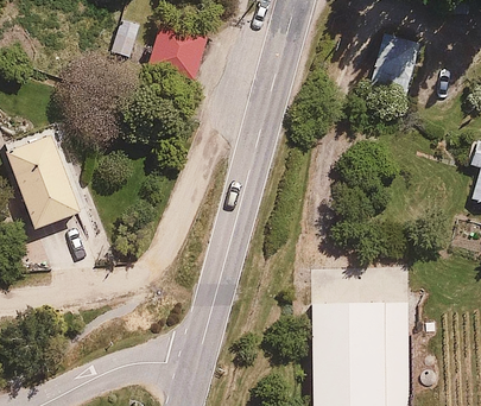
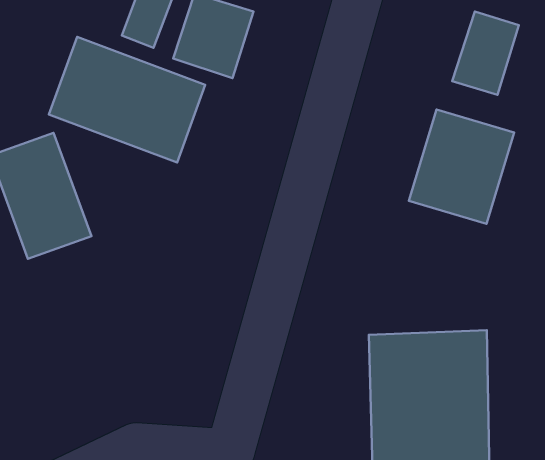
building: none -> [49,37,205,163]
building: none -> [409,109,514,224]

